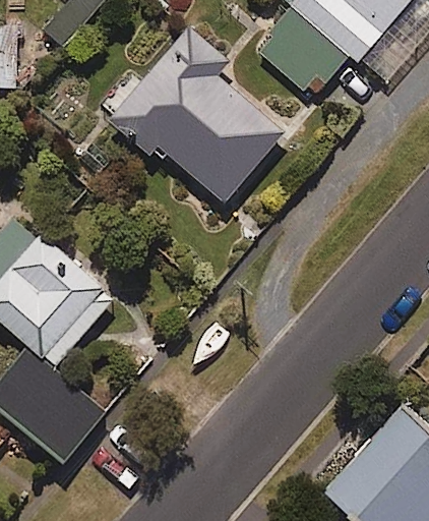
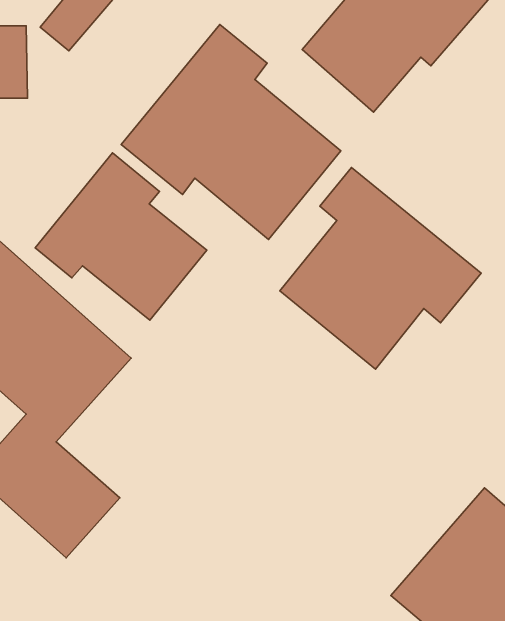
building: none -> [35,153,207,320]
building: none -> [280,168,481,369]

